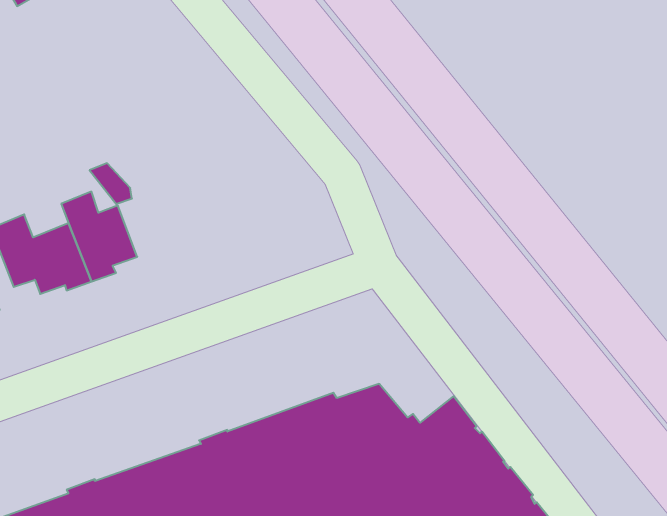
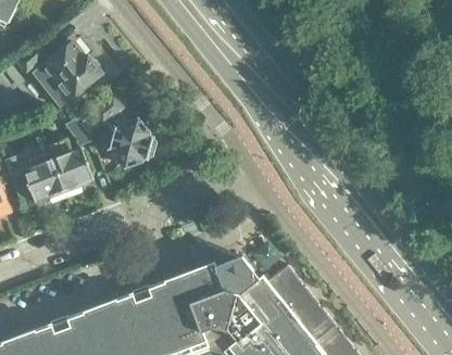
building: none -> [16,42,101,106]
building: none -> [79,98,154,169]

